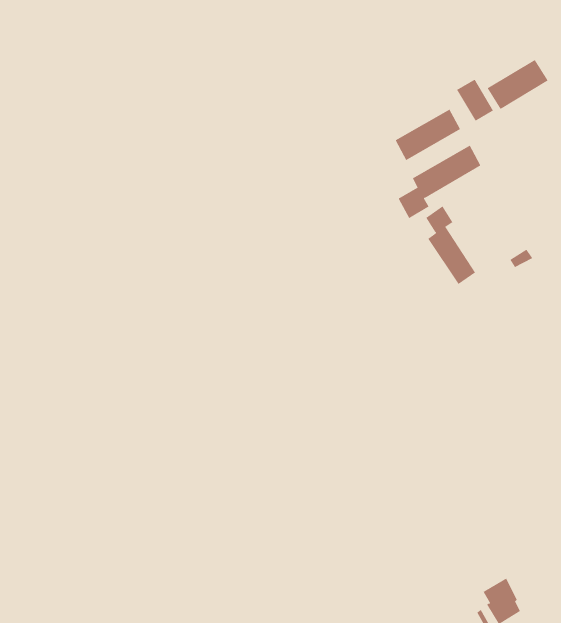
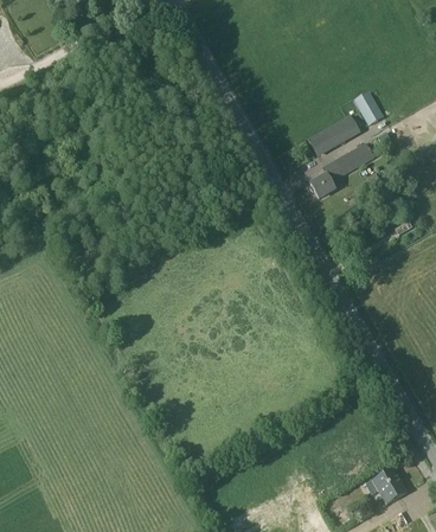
building: [487,59,548,110] -> none
building: [425,206,476,285] -> none

